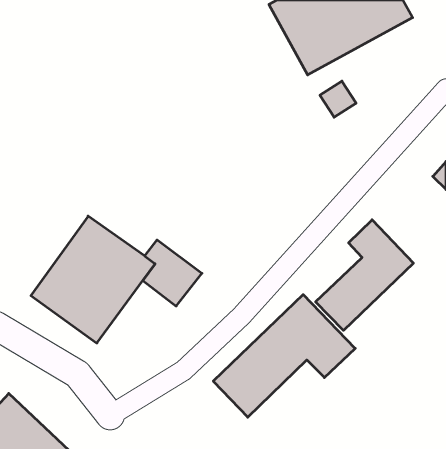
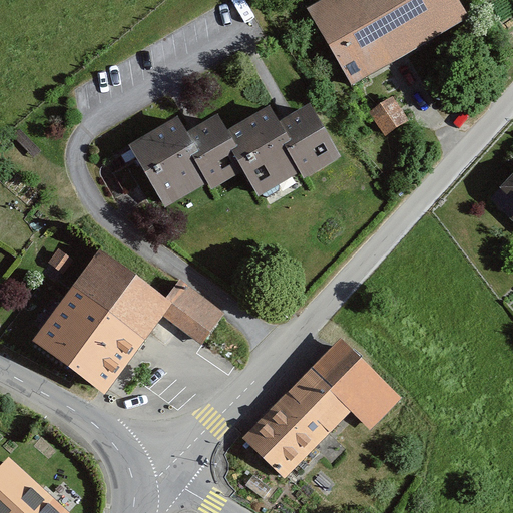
building: none -> [115,106,327,210]
building: [316,220,413,330] -> none

